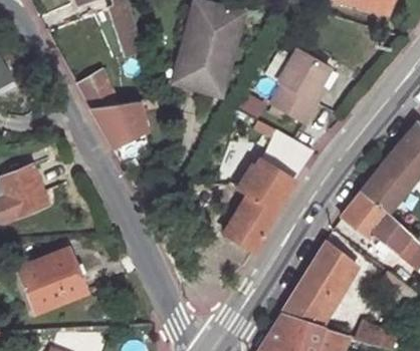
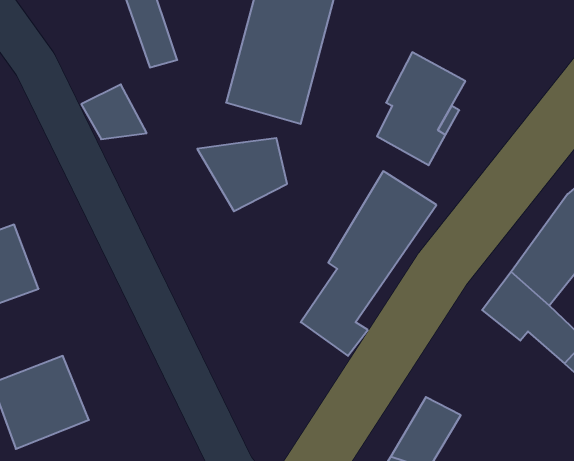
building: [90,98,150,146] -> [197,138,287,211]
building: [304,241,352,291] -> none

